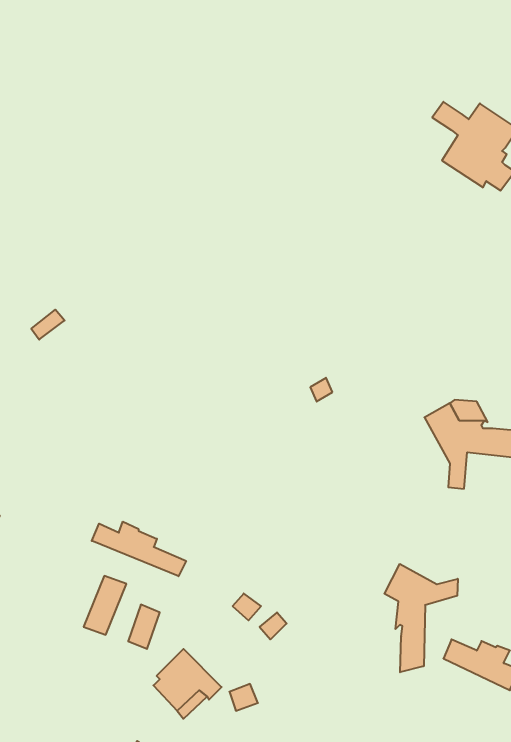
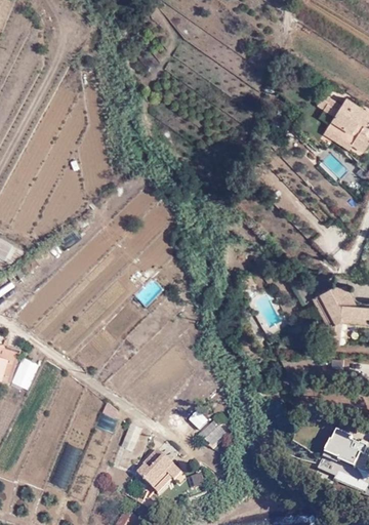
building: [92,522,186,576] -> none
building: [384,564,458,672] -> none

